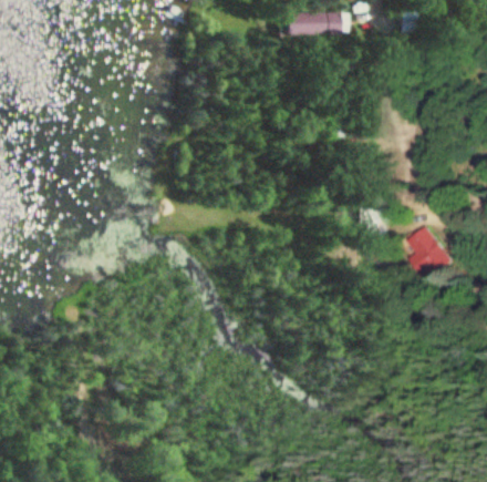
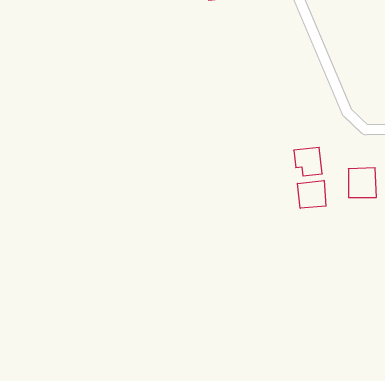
building: none -> [297,180,326,208]

